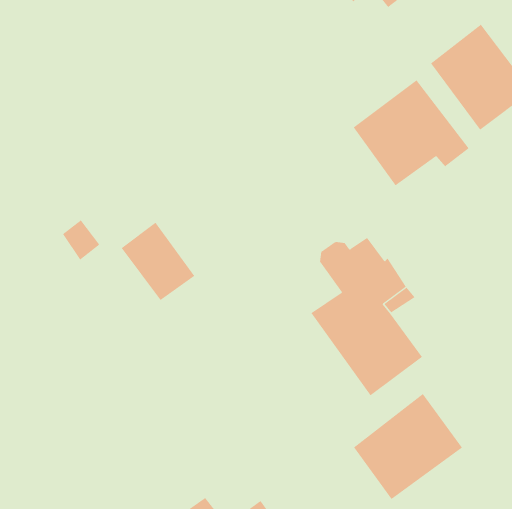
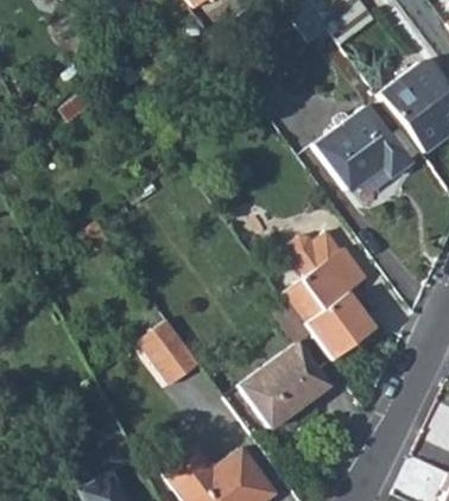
building: [121,222,195,301] -> [140,317,201,381]
building: [353,393,463,500] -> [241,342,330,429]

